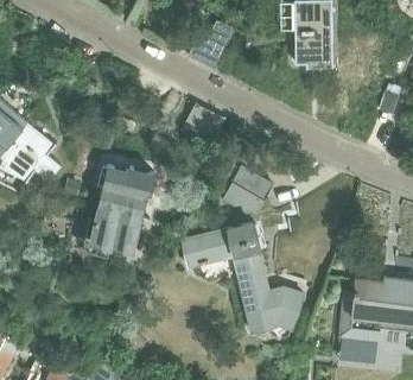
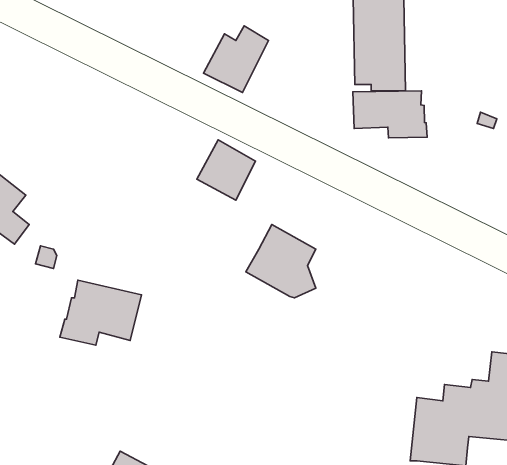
building: none -> [353,91,427,138]
building: [96,166,157,217] -> none
building: [174,221,299,334] -> none

